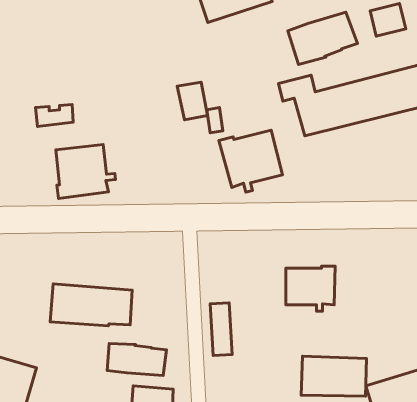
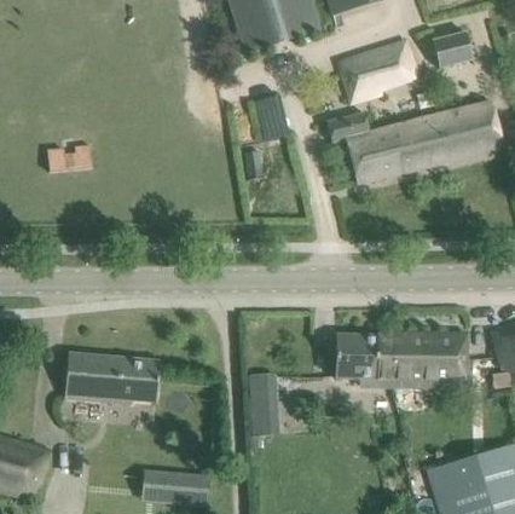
building: [177,82,208,120] -> [255,94,290,138]
building: [219,130,282,192] -> none
building: [56,144,115,198] -> none
building: [107,343,167,375] -> none
building: [301,356,367,396] -> [392,333,467,379]

